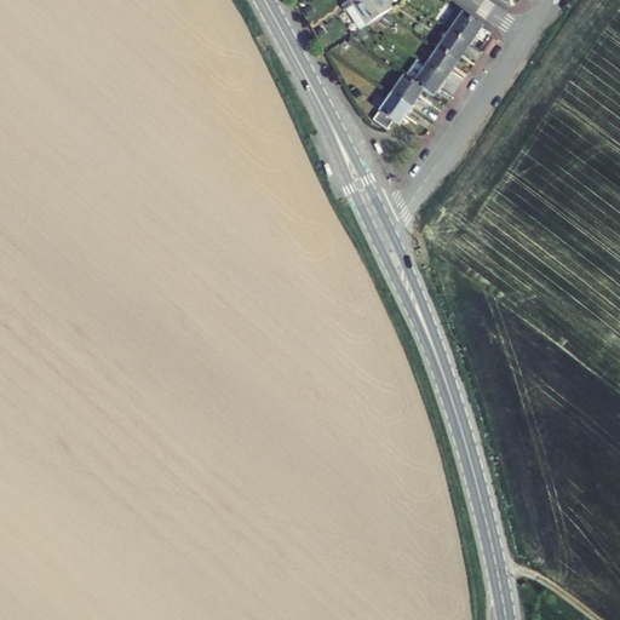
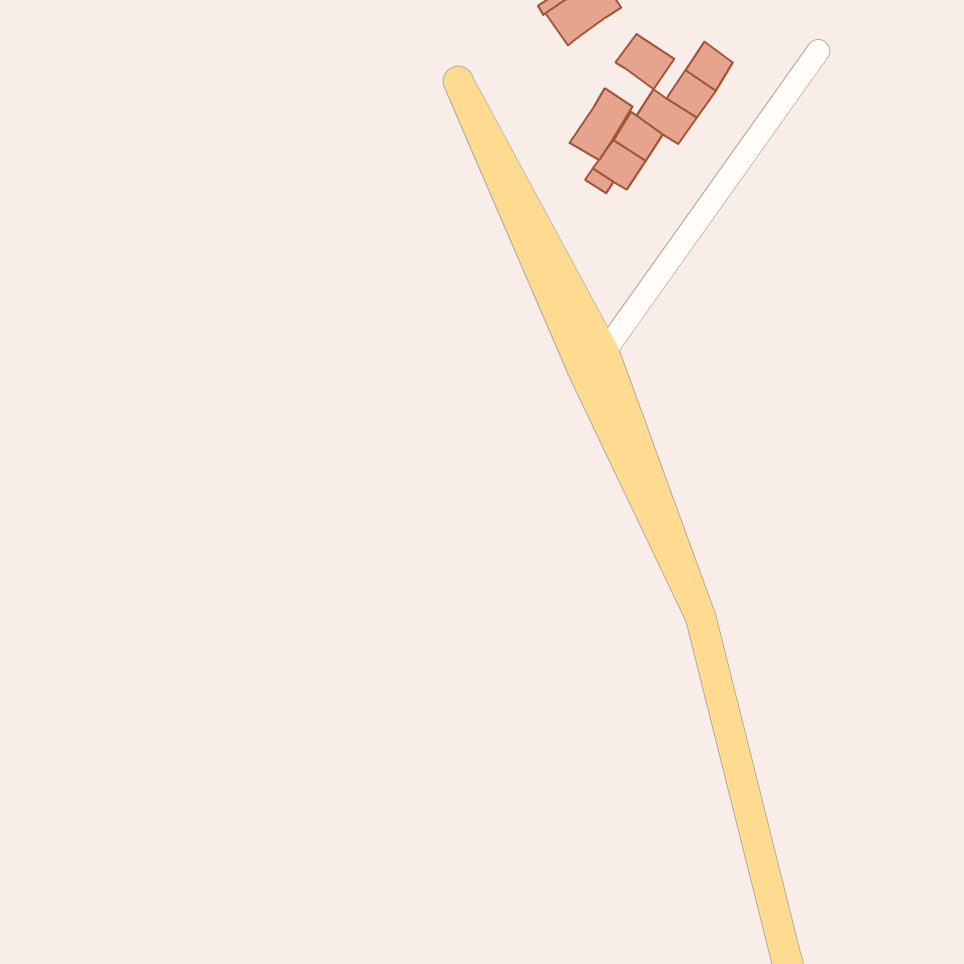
building: [444,5,482,40] -> [616,34,674,89]
building: none -> [569,88,632,160]

